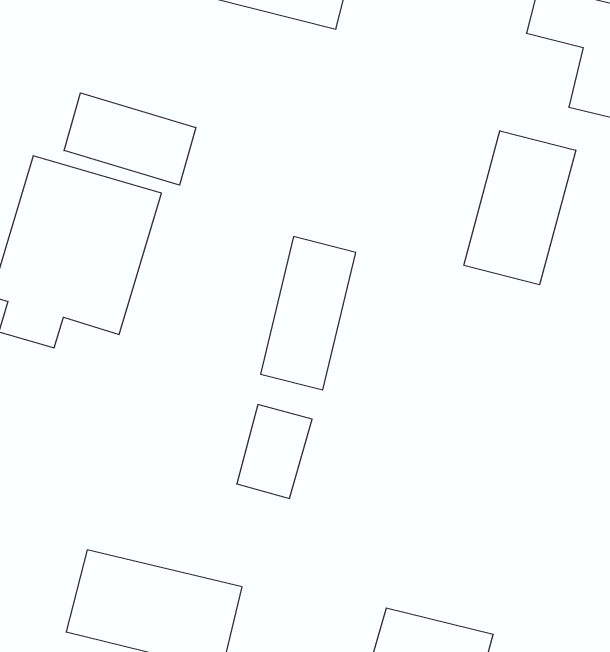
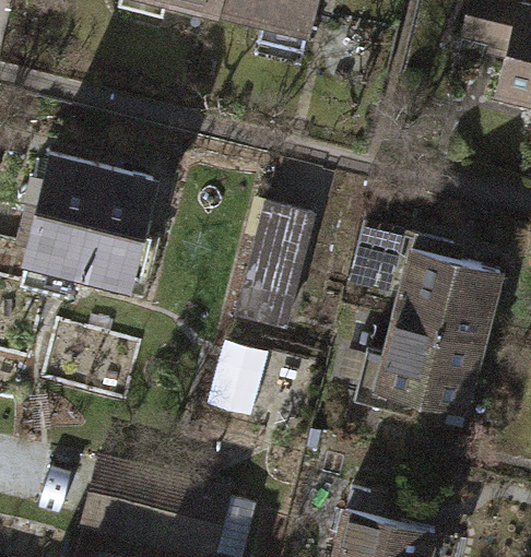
building: [64,93,196,185] -> none
building: [464,131,576,285] -> none
building: none -> [352,238,506,416]

